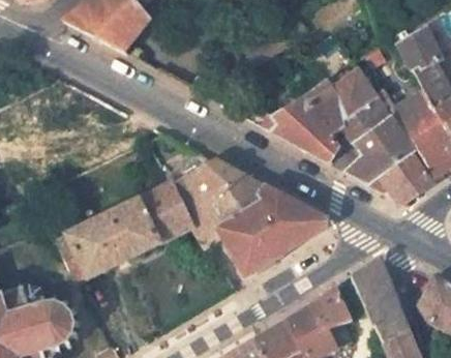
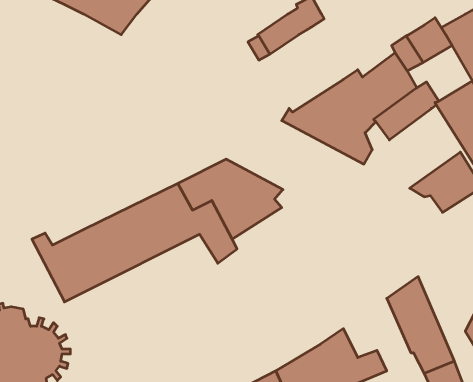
building: [345,116,414,184] -> none
building: [218,185,324,275] -> none
building: [313,288,352,329] -> none

